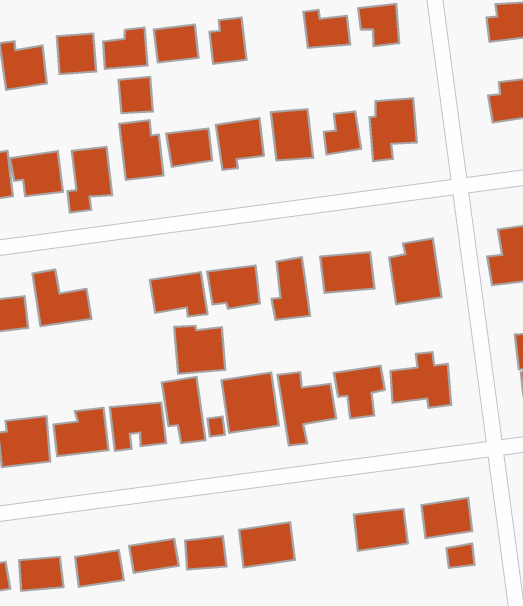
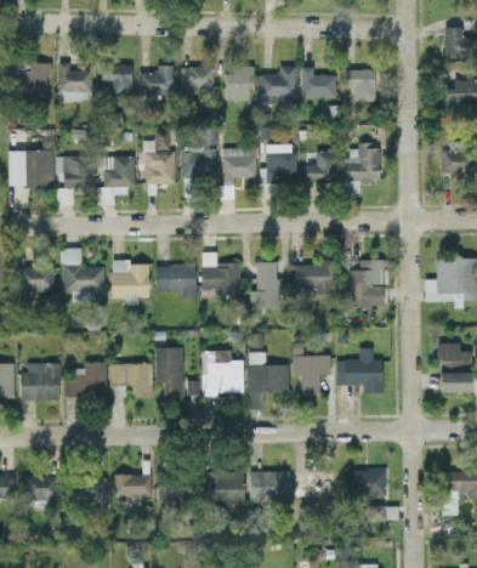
building: none -> [260,67,295,106]
building: [119,77,153,113] -> none
building: [174,326,225,374] -> [110,260,149,299]
building: none -> [248,471,289,501]

